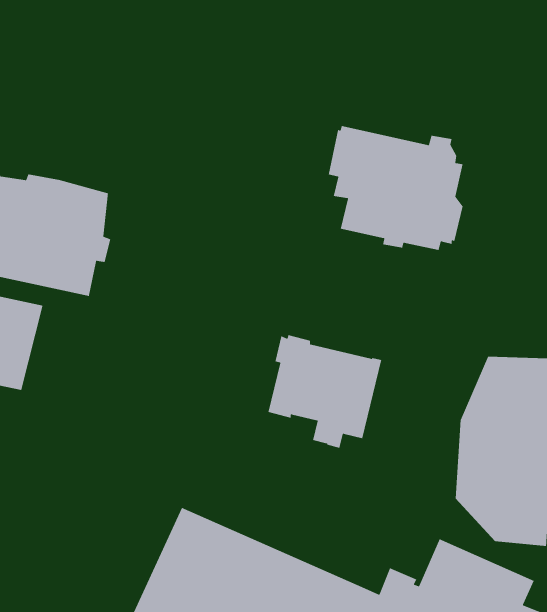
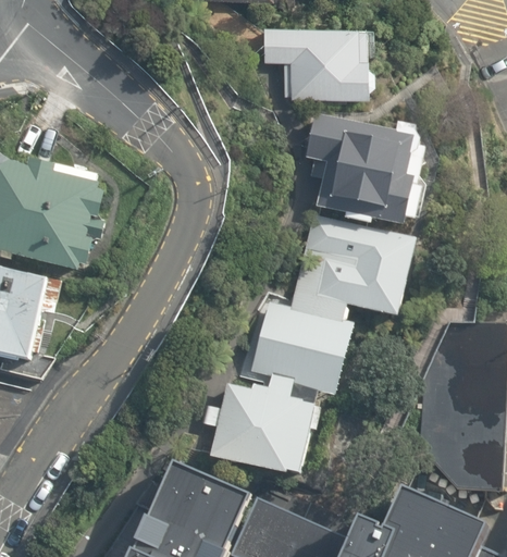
building: none -> [262,25,375,99]
building: none -> [288,214,416,324]
building: none -> [201,375,321,473]

